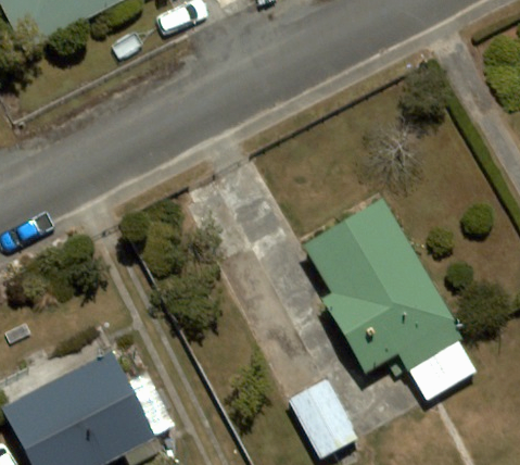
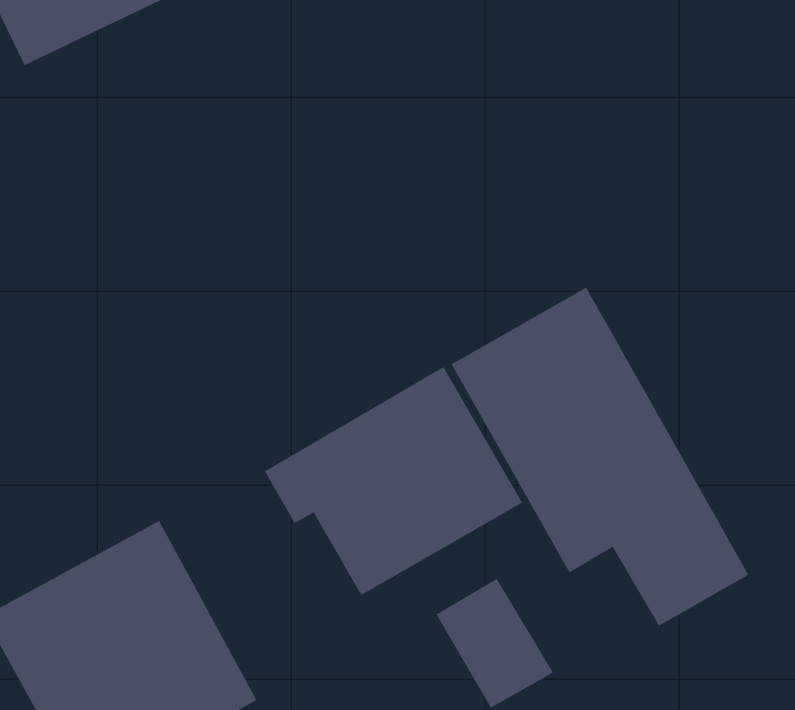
building: none -> [264,366,523,596]

